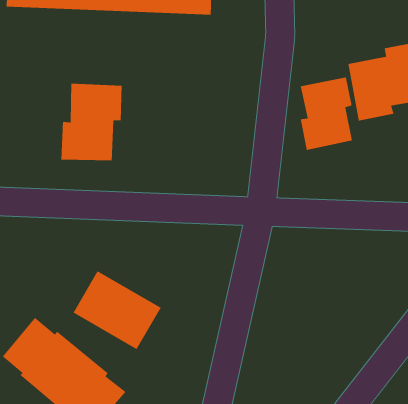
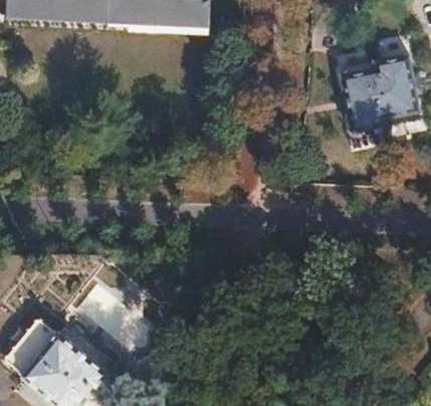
building: [300,77,353,151] -> none
building: [60,83,123,161] -> none

